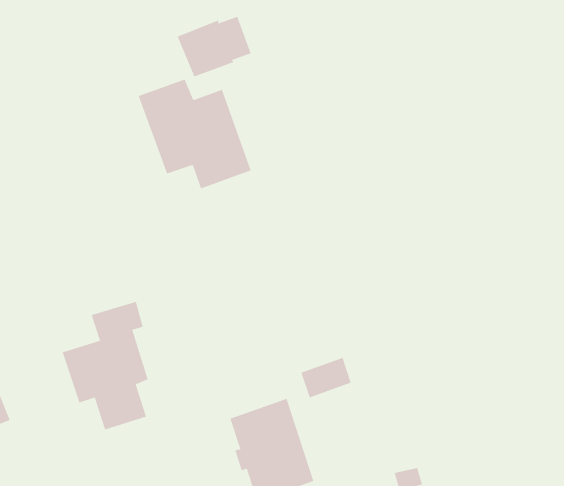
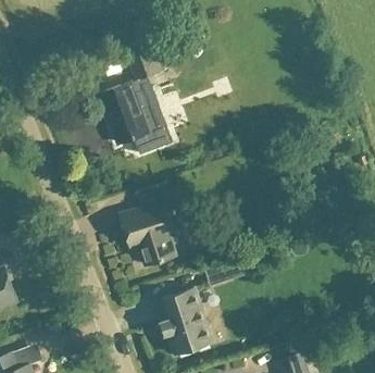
building: [62,301,148,430] -> [121,183,176,265]

